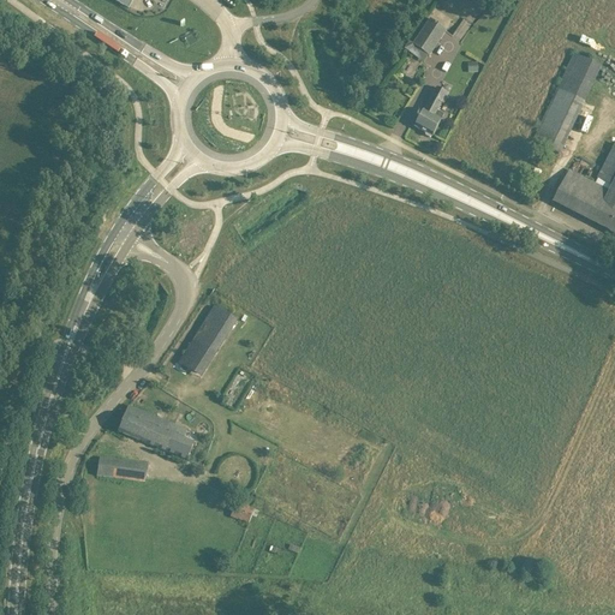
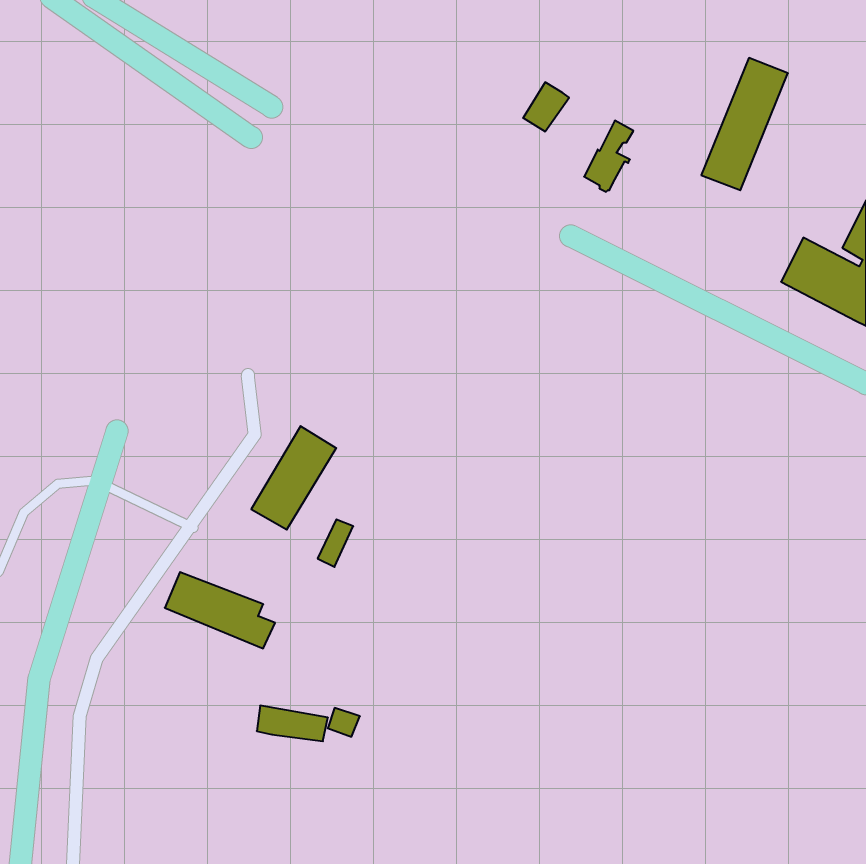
building: [412,19,444,54] -> [523,82,569,131]
building: [539,50,601,144] -> [701,58,788,190]
building: [96,455,147,480] -> [257,706,328,741]

